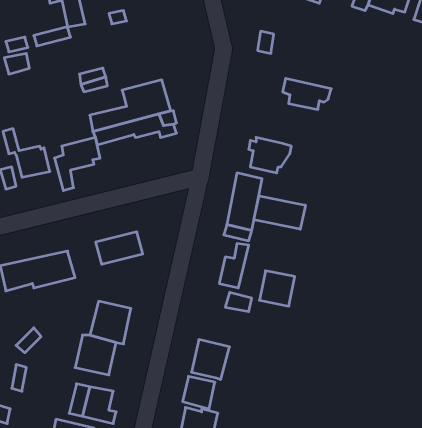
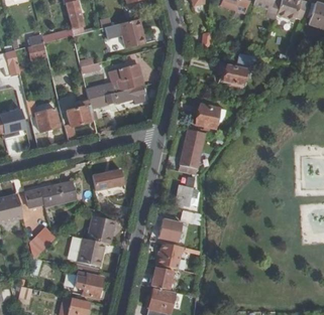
building: none -> [119,19,146,47]
building: [254,196,305,229] -> none
building: [259,271,295,306] -> [157,217,182,242]

